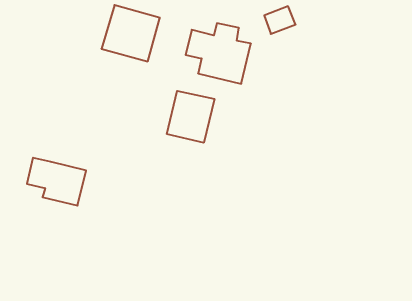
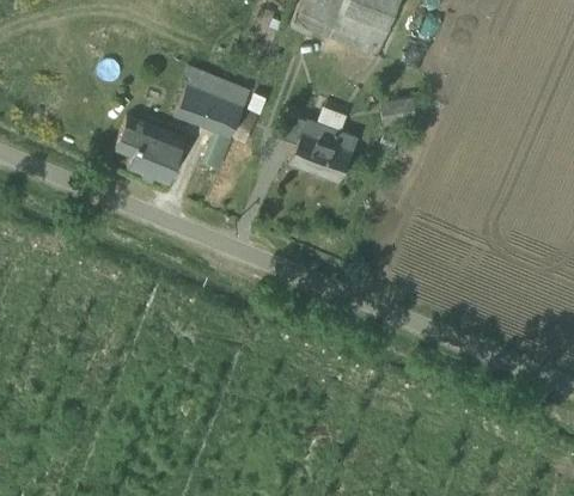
building: [167,91,214,143] -> none
building: [27,158,86,206] -> [111,120,187,186]

